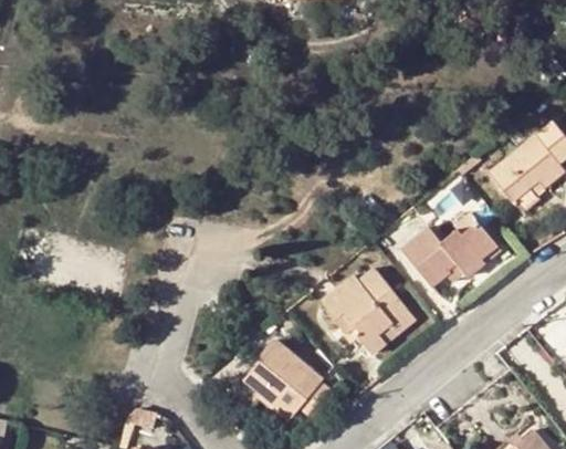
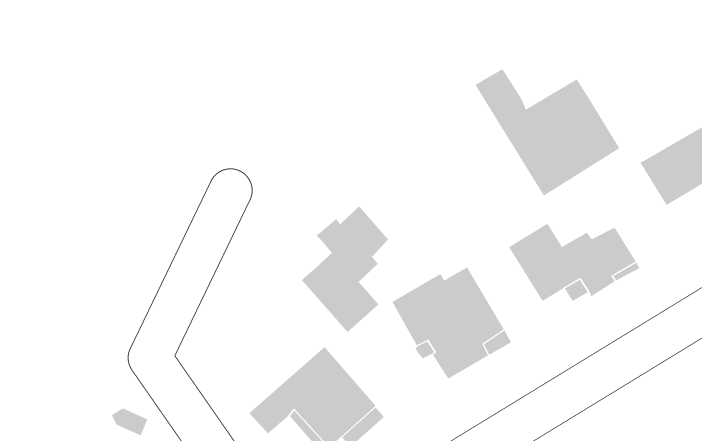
building: none -> [474,68,619,196]
building: none -> [301,206,389,333]

